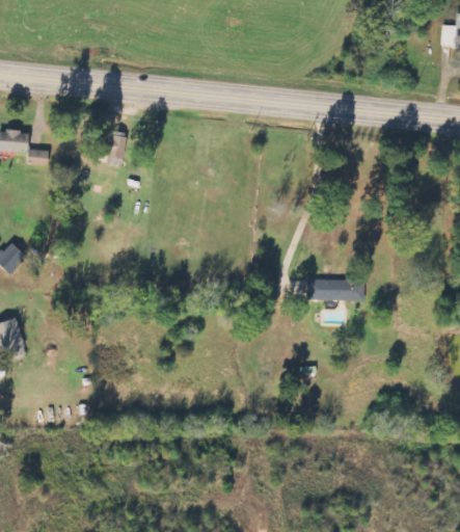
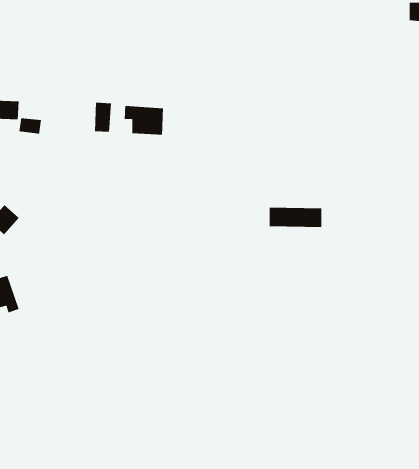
building: none -> [124,105,164,135]
building: [306,278,363,300] -> [269,207,322,227]

